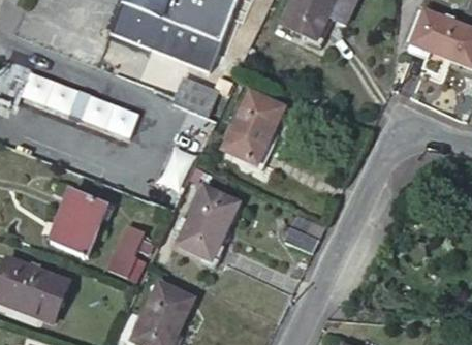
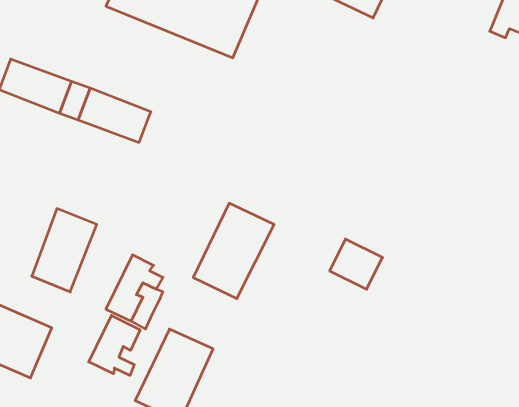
building: [172,72,219,114] -> none
building: [222,90,283,163] -> none
building: none -> [89,315,140,375]

